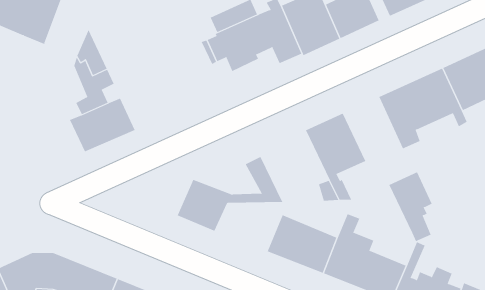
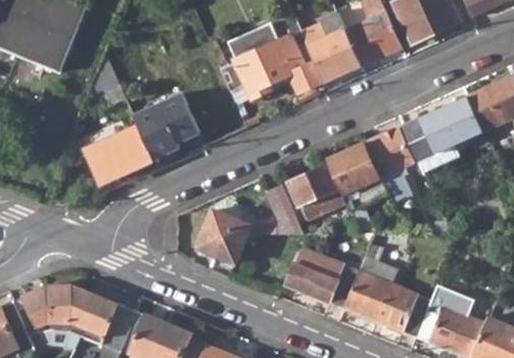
building: none -> [134,77,199,160]
building: none -> [287,165,345,219]
building: [388,172,432,242] -> [365,129,410,200]

